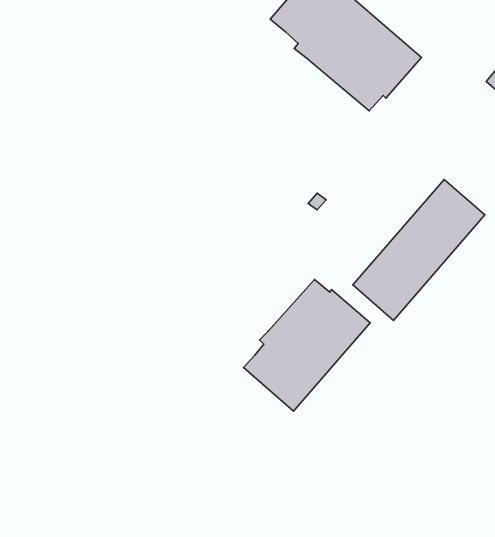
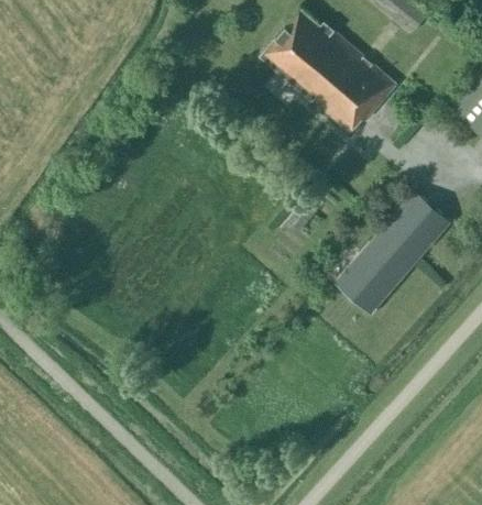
building: [244,280,370,411] -> none

